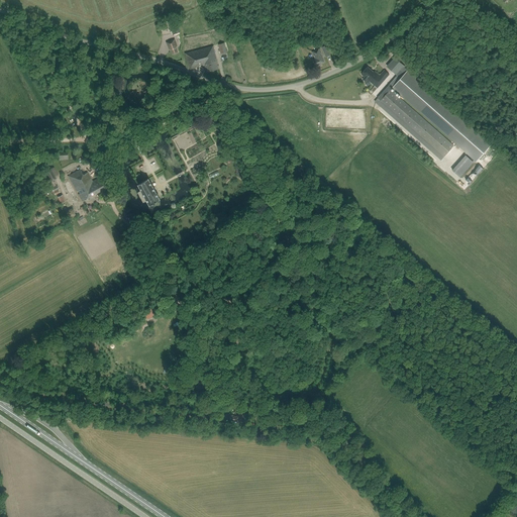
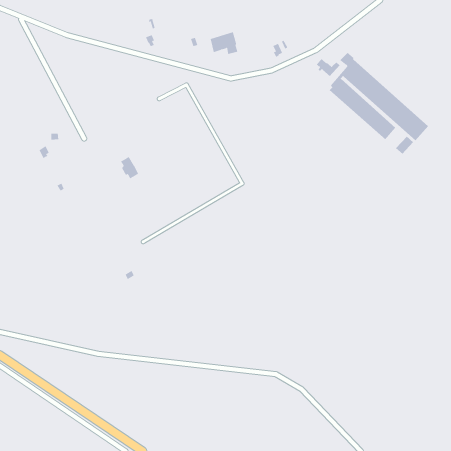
building: [185,45,217,72] -> [210,32,238,55]
building: [67,170,108,201] -> none

